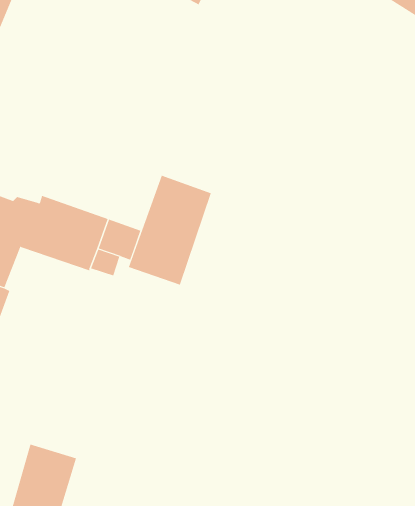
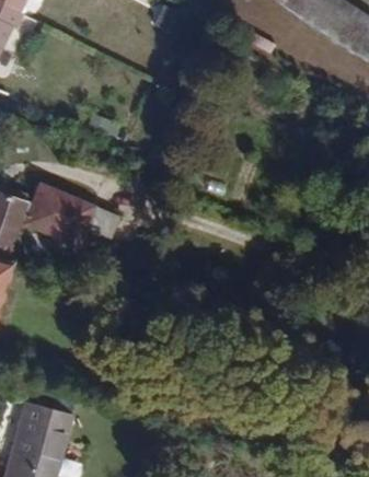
building: [128,175,211,285] -> none

